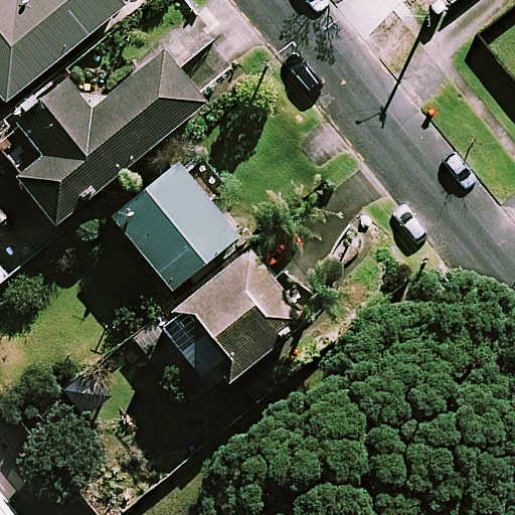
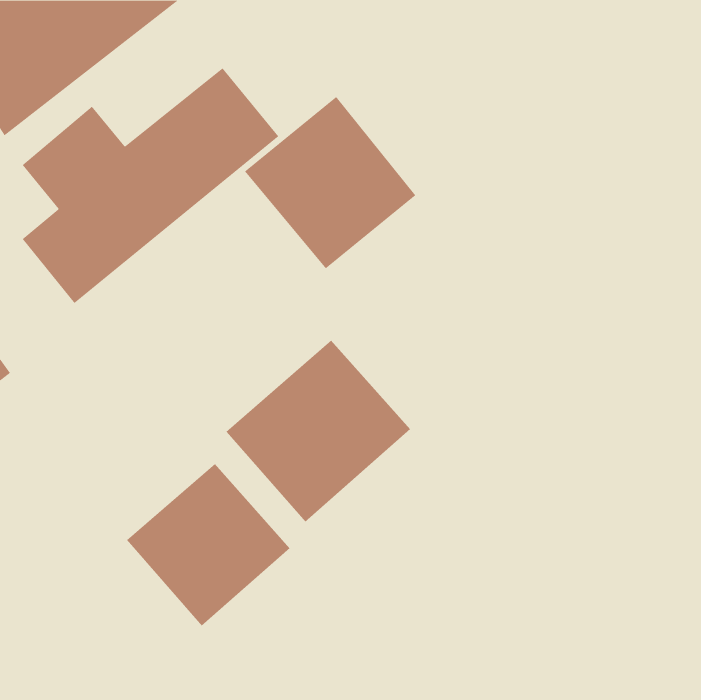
building: [112,161,237,288] -> [244,96,416,269]
building: none -> [126,463,291,627]

